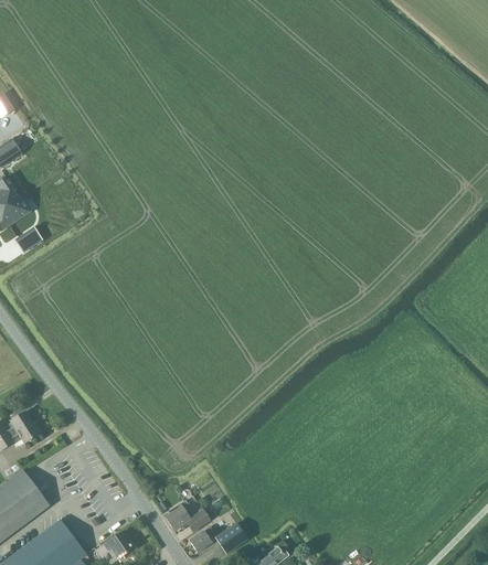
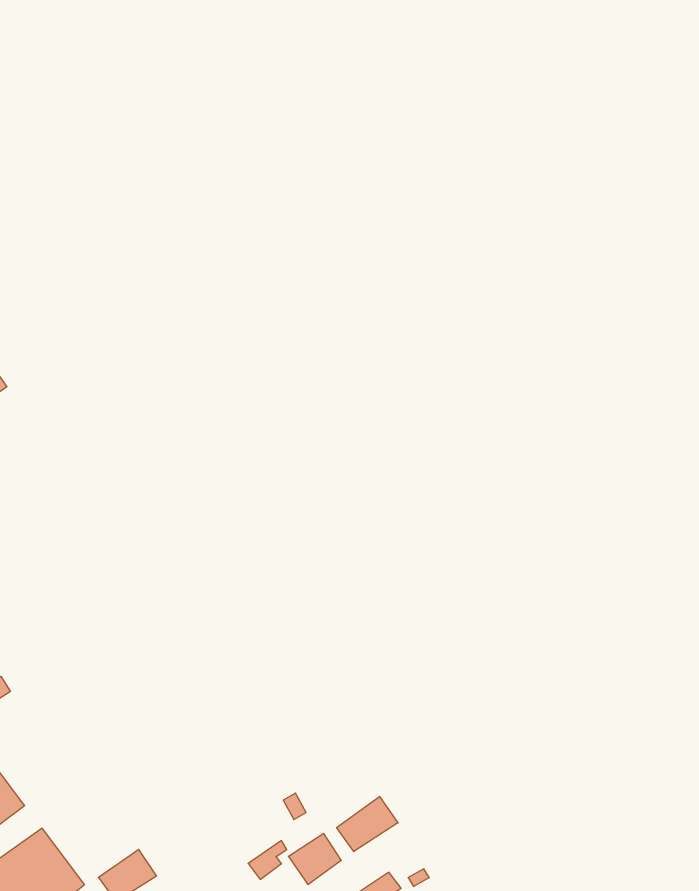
building: none -> [337,796,398,852]
building: [165,501,211,532] -> none

